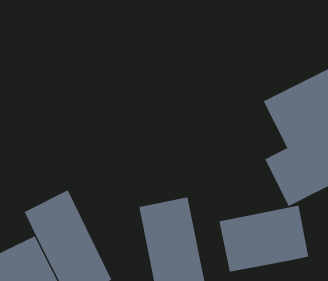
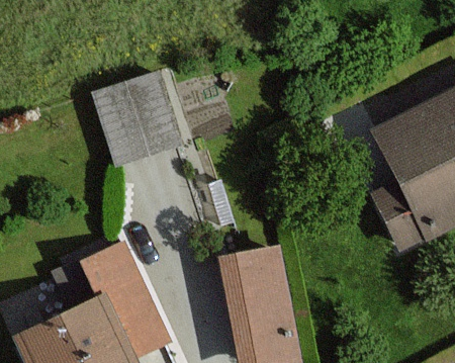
building: none -> [92,69,188,168]
building: [219,205,309,273] -> none

